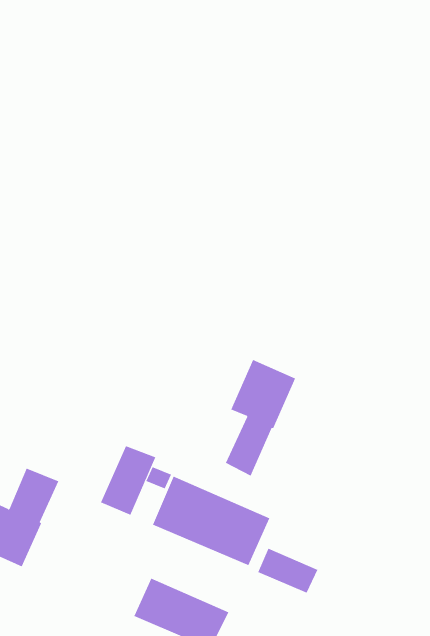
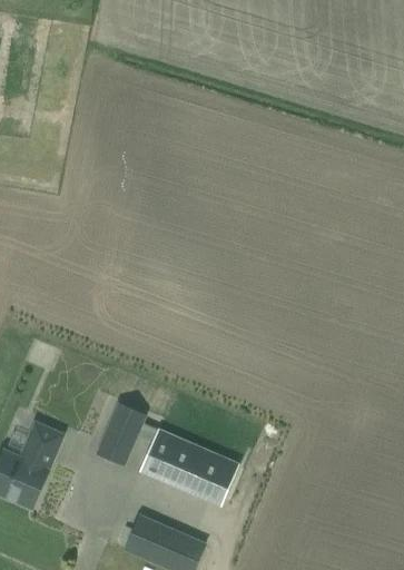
building: [225,359,296,476] -> none
building: [257,548,318,594] -> none

